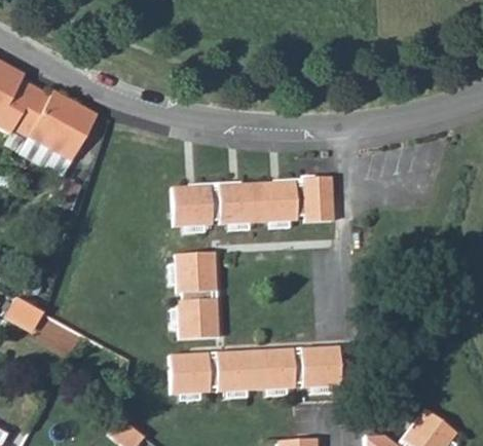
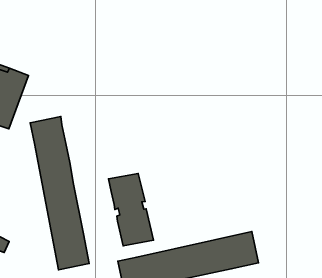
building: none -> [30,117,89,270]
building: [173,176,334,225] -> none

